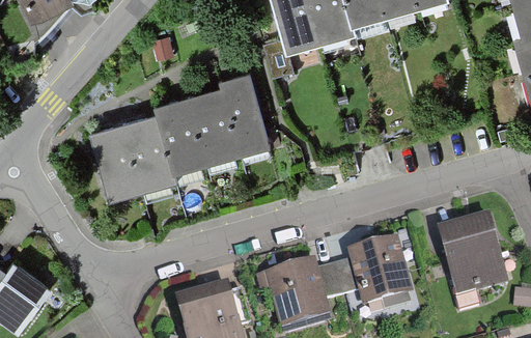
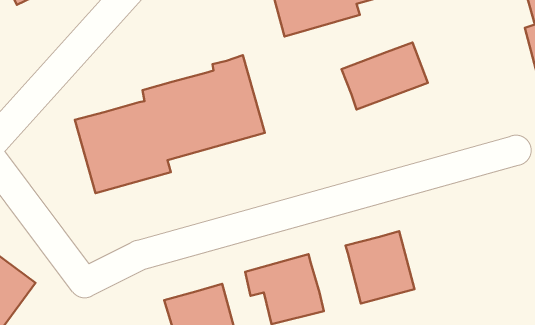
building: none -> [342,42,428,110]
building: [436,218,507,295] -> none
building: [313,261,356,299] -> none

